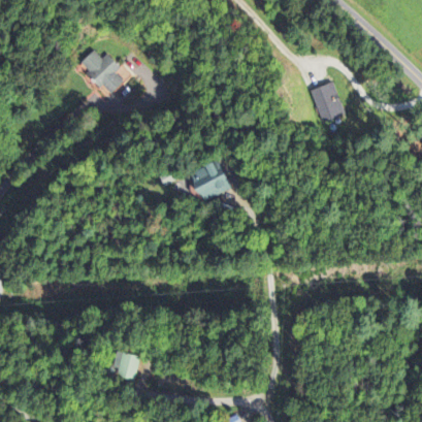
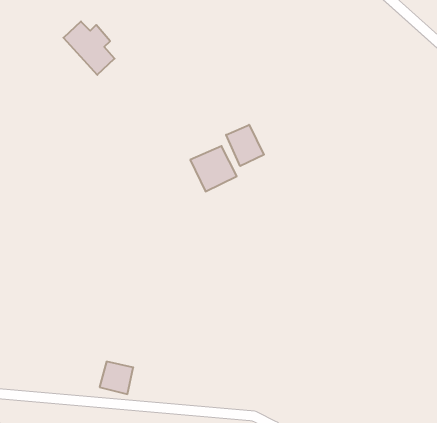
building: [311,82,337,119] -> none
building: none -> [226,125,264,166]

